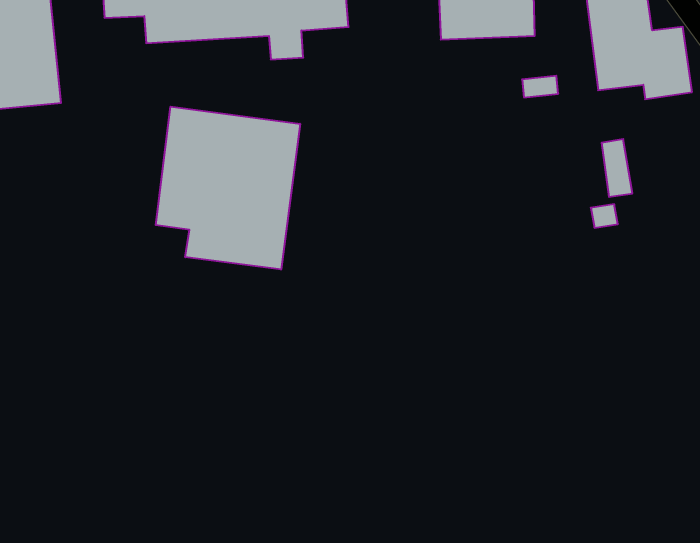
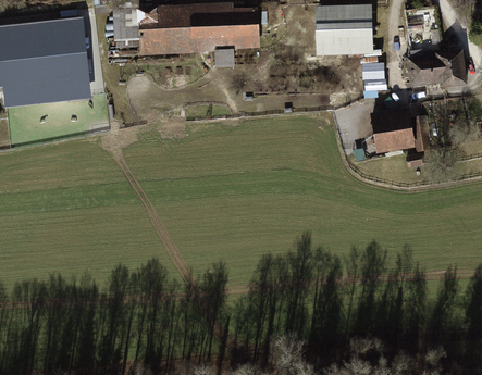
building: [156,107,300,270] -> none
building: none -> [370,108,415,153]

